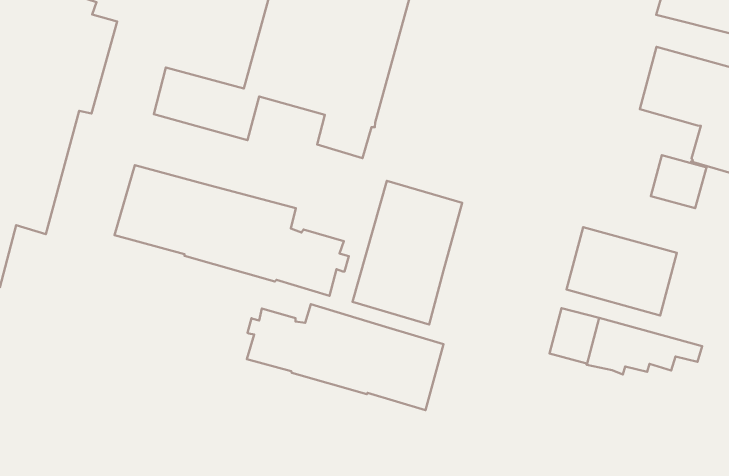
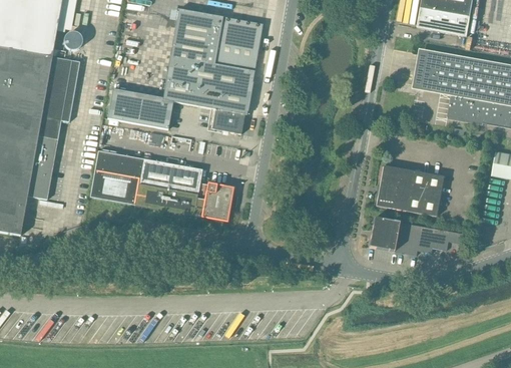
building: [651,155,707,208] -> none
building: [353,181,462,325] -> none
building: [247,304,443,410] -> none

